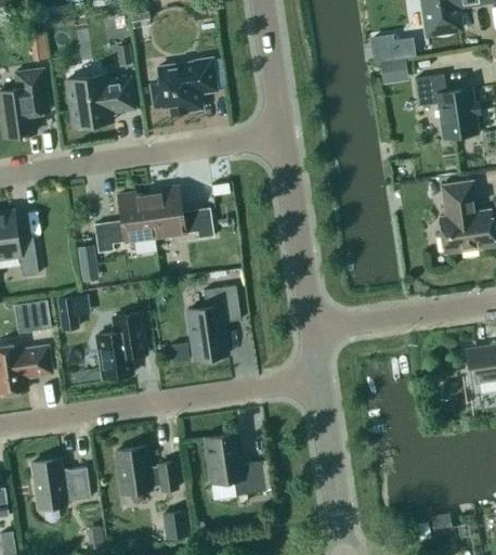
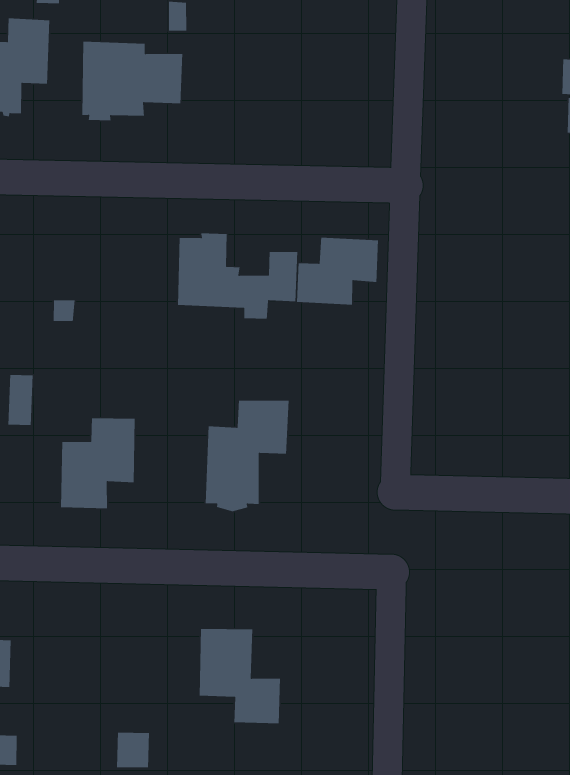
building: [149,59,216,113] -> none
building: none -> [296,237,379,306]
building: [93,193,154,253] -> none
building: [115,447,177,494] -> none

